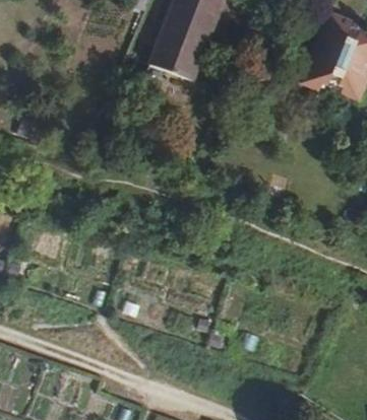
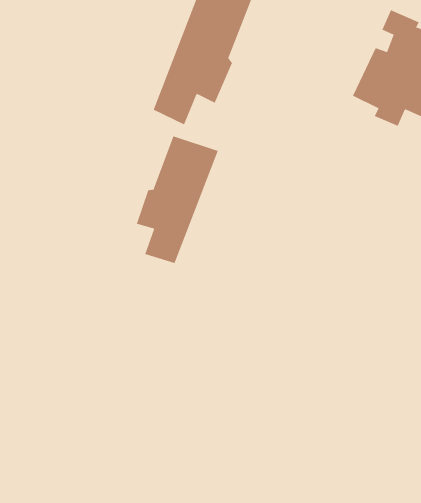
building: none -> [136,136,218,264]

